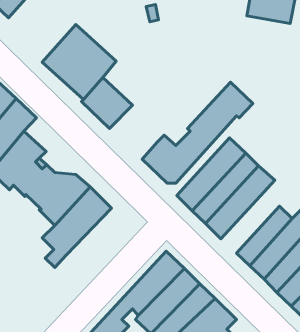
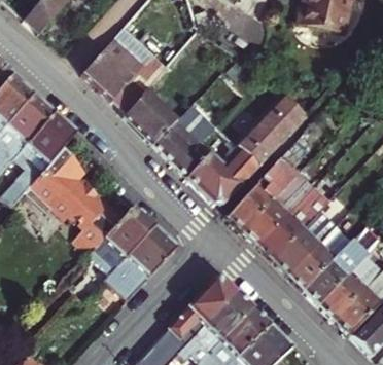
building: none -> [155,103,220,176]
building: none -> [275,211,338,277]
building: none -> [109,228,177,298]

